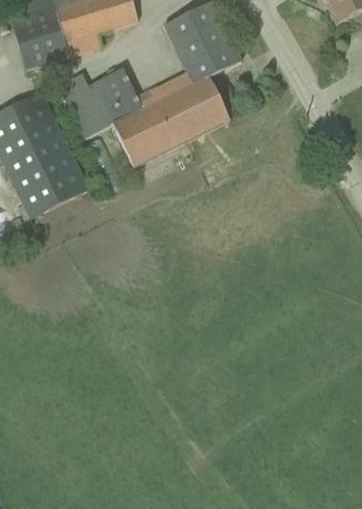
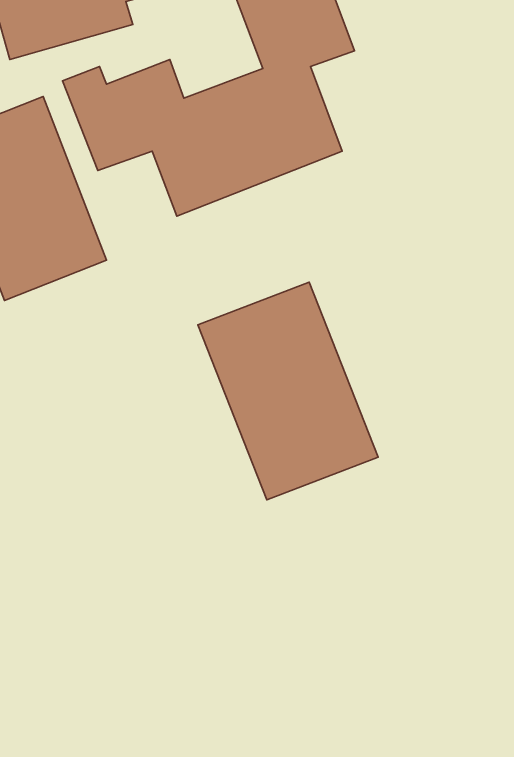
building: none -> [198,282,378,500]

